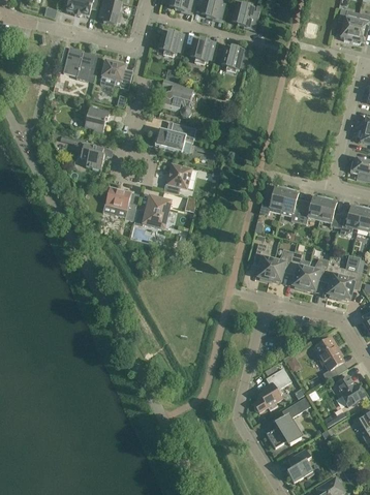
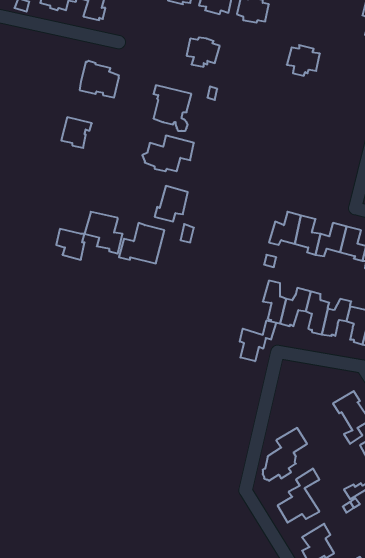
building: [158,30,185,56] -> none
building: [220,45,248,71] -> [287,45,320,76]
building: [62,47,96,82] -> none
building: [80,143,103,168] -> [56,229,85,260]
building: none -> [240,320,276,361]

